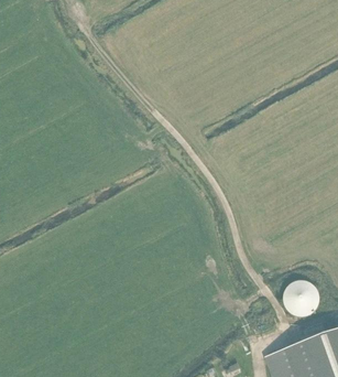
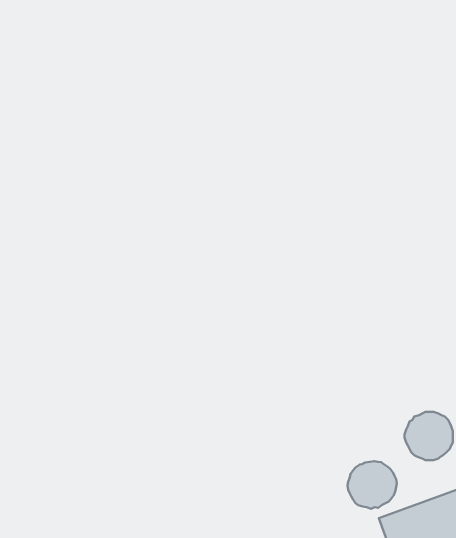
building: none -> [347,461,397,509]

